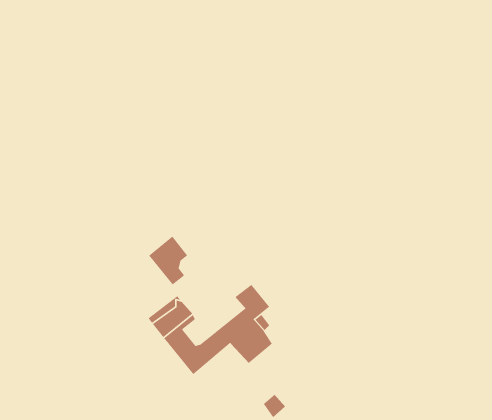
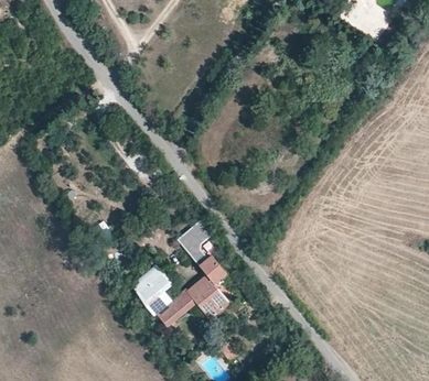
building: [148,235,188,285] -> [176,224,207,262]

